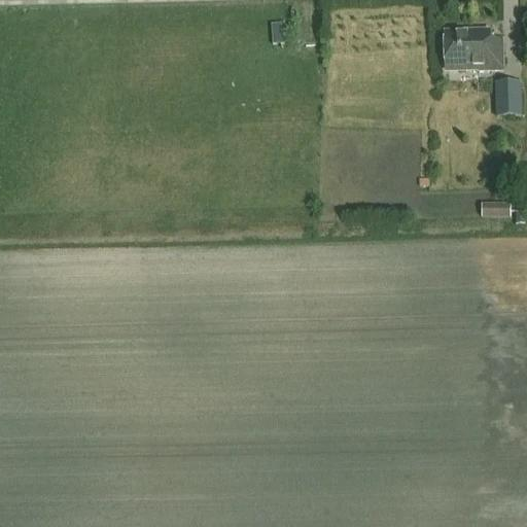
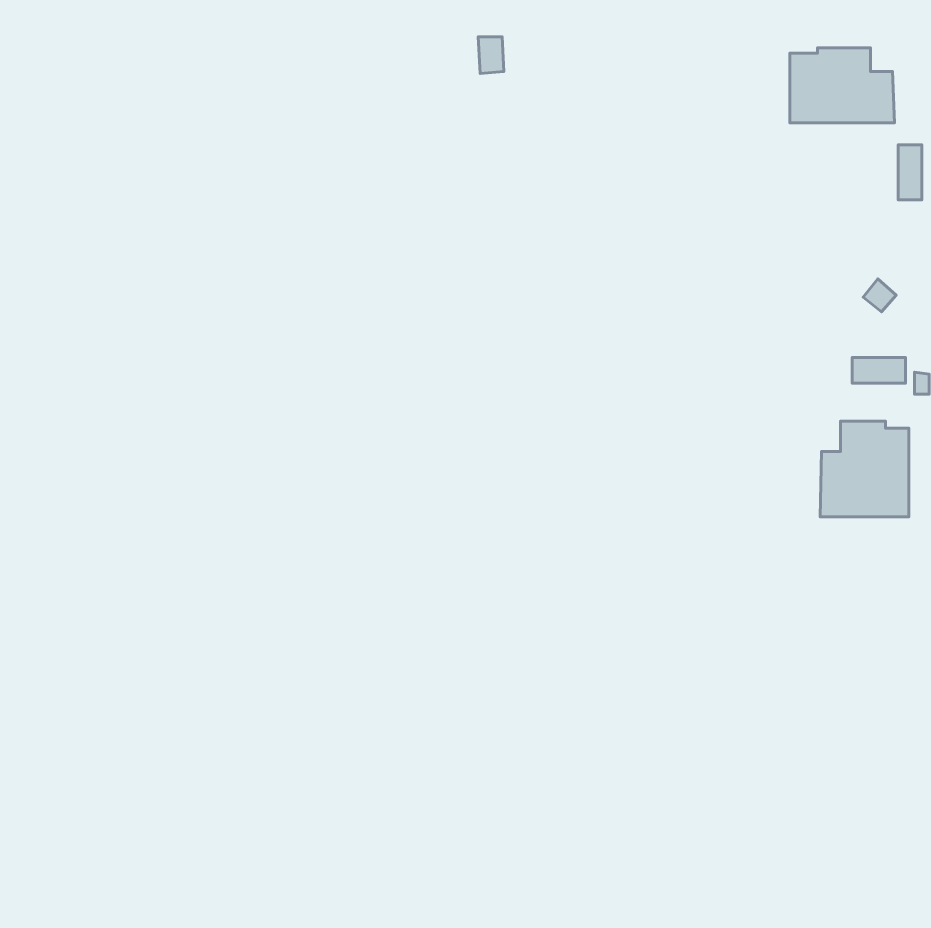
building: none -> [820,421,909,517]

